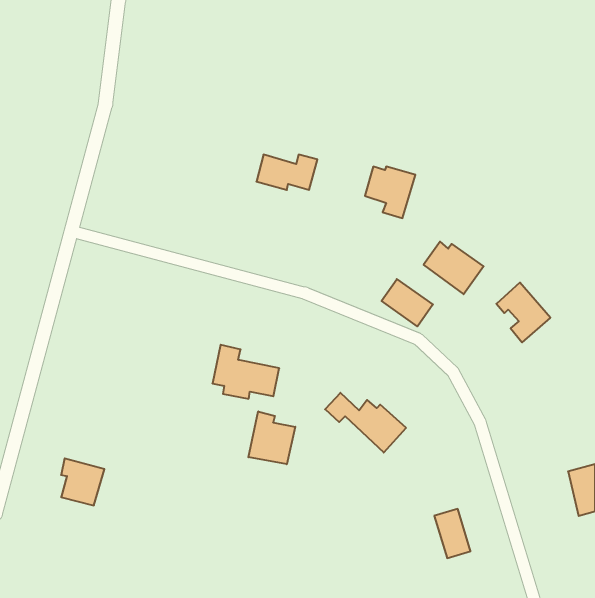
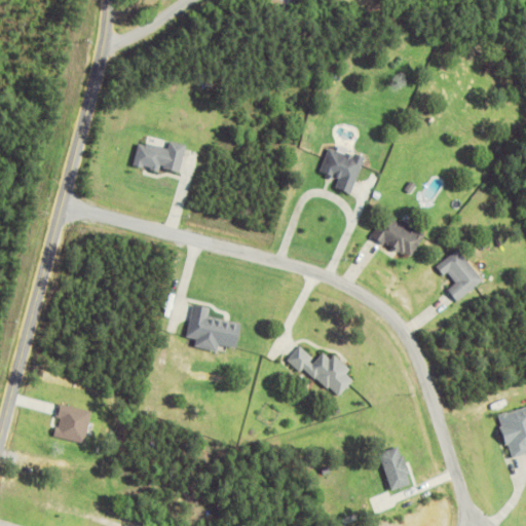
building: [256,155,317,190] -> [133,141,186,172]
building: [382,279,433,326] -> none
building: [248,411,295,464] -> none

